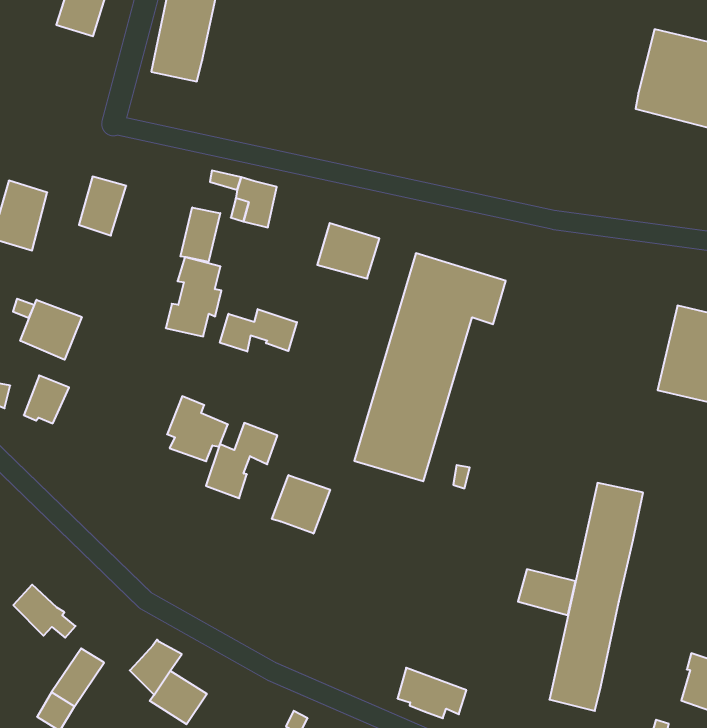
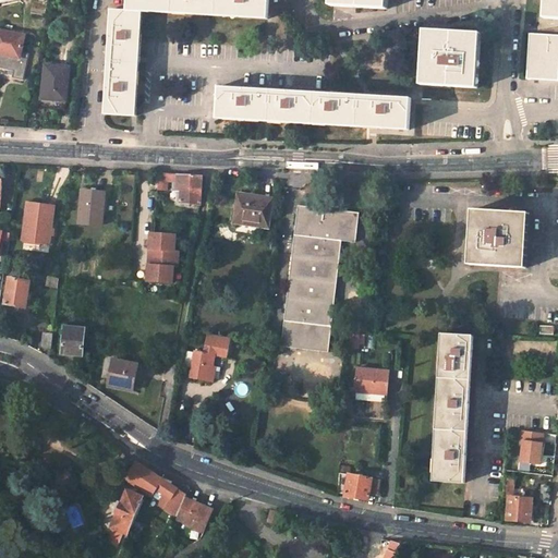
building: none -> [216,85,410,131]
building: [180,207,220,262] -> none
building: [20,300,82,360] -> none
building: [220,309,297,352] -> none
building: [167,396,228,461] -> [100,351,138,390]
building: [272,475,330,534] -> none
building: [518,569,576,615] -> [352,368,387,393]
building: [13,585,76,638] -> [129,463,171,495]

